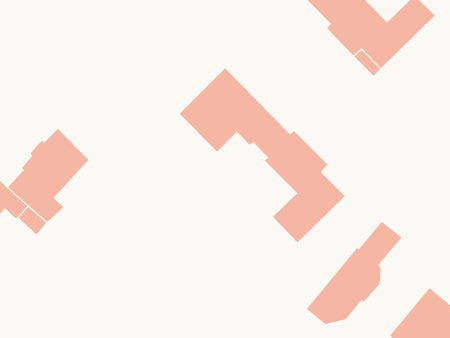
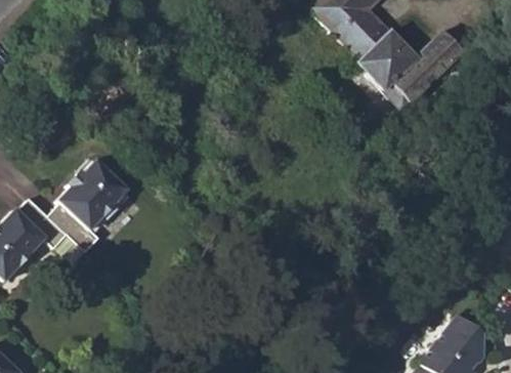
building: [179,67,346,243] -> none
building: [306,221,402,325] -> none

